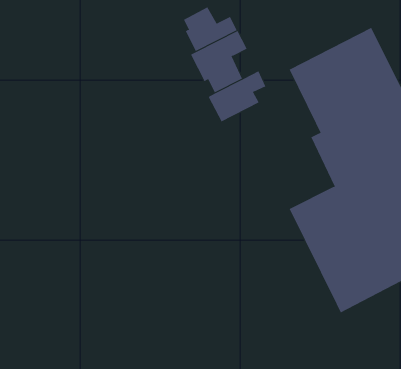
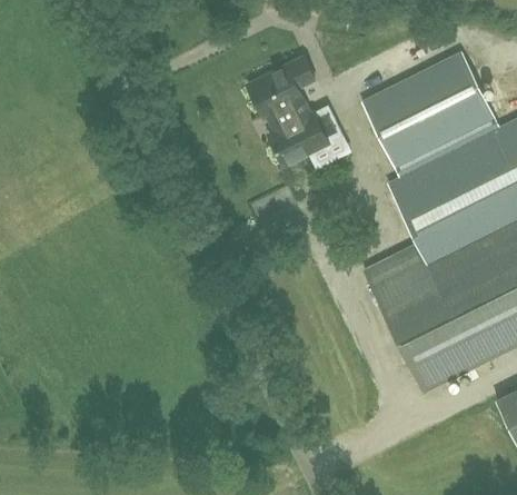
building: [183,7,237,52] -> none

